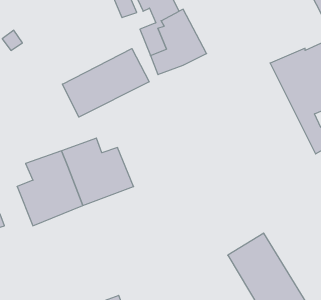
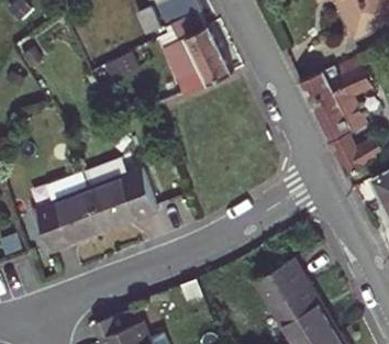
building: [62,49,149,117] -> none

